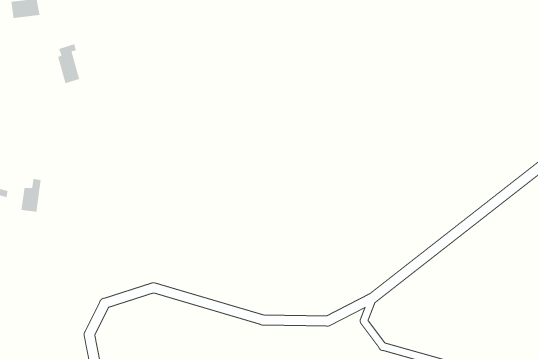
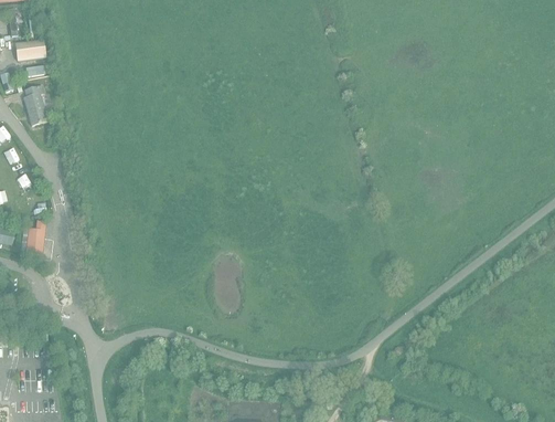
building: [57,43,80,84] -> [23,84,46,125]

